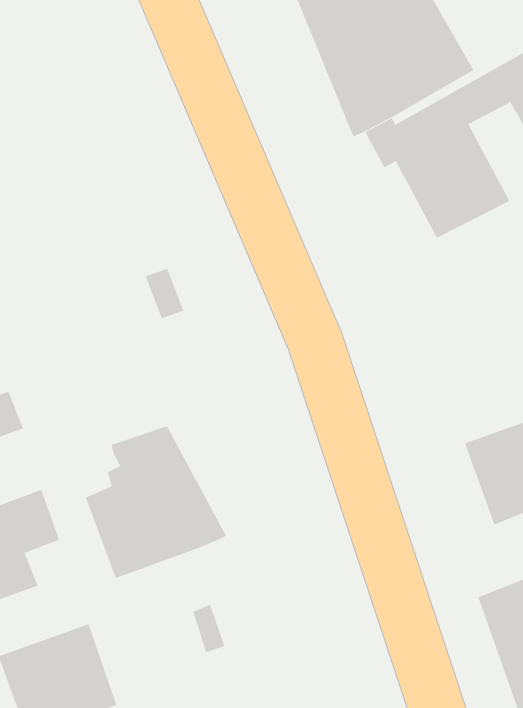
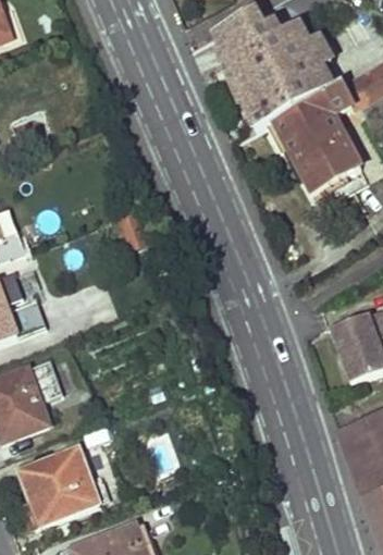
building: [85,425,227,579] -> none

